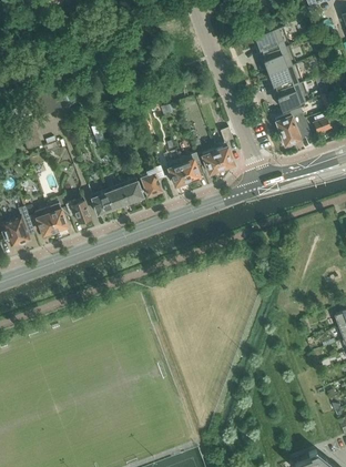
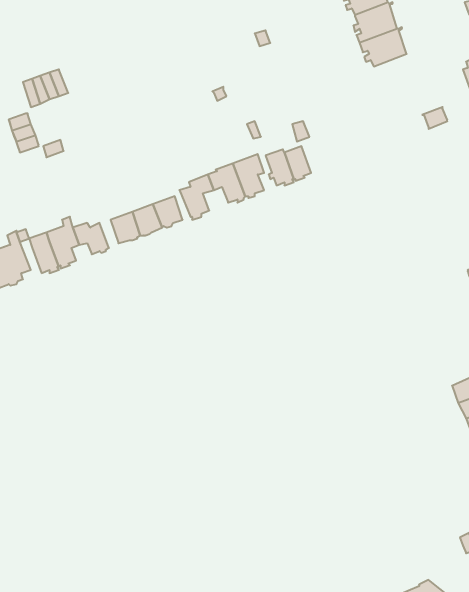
building: [277,80,312,110] -> none
building: [275,108,311,145] -> none

